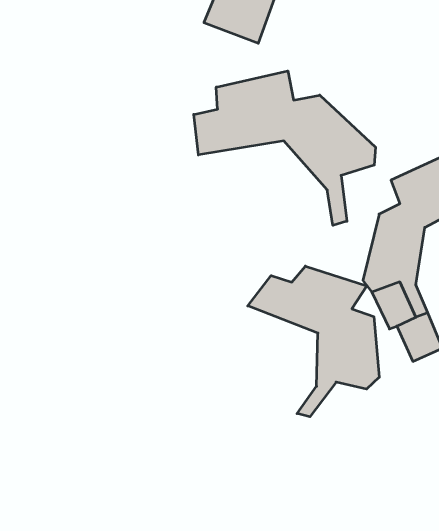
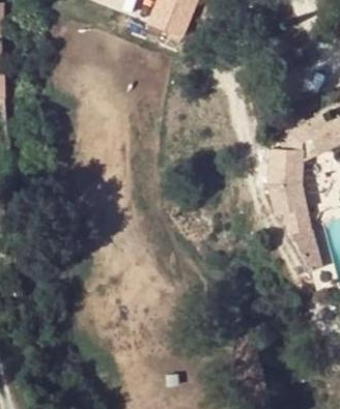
building: [194,71,376,225] -> none
building: [248,266,379,417] -> none

